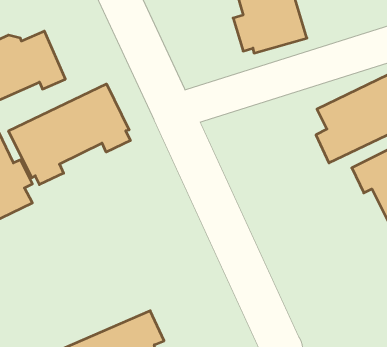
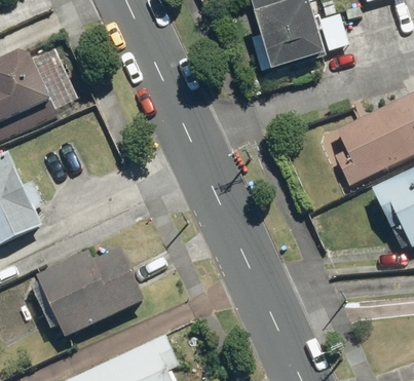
building: [9,84,130,185] -> none
building: none -> [30,247,145,336]

